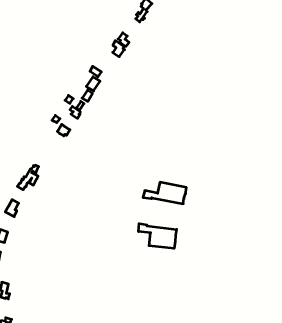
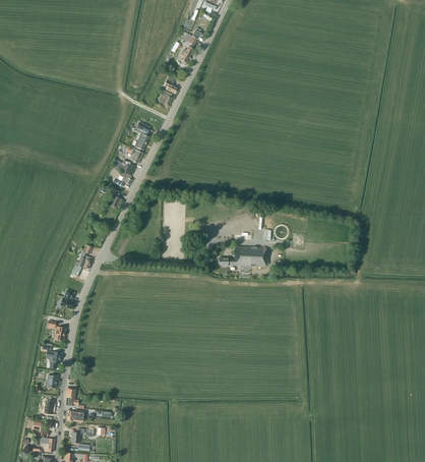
building: [139,224,177,248] -> none

